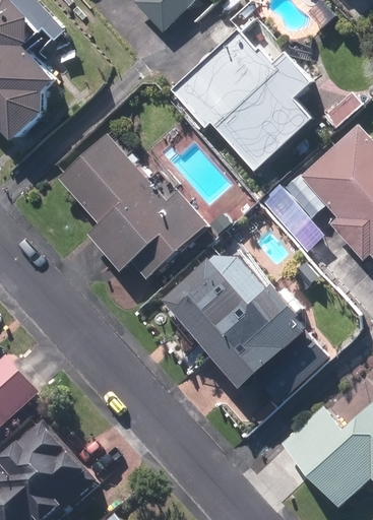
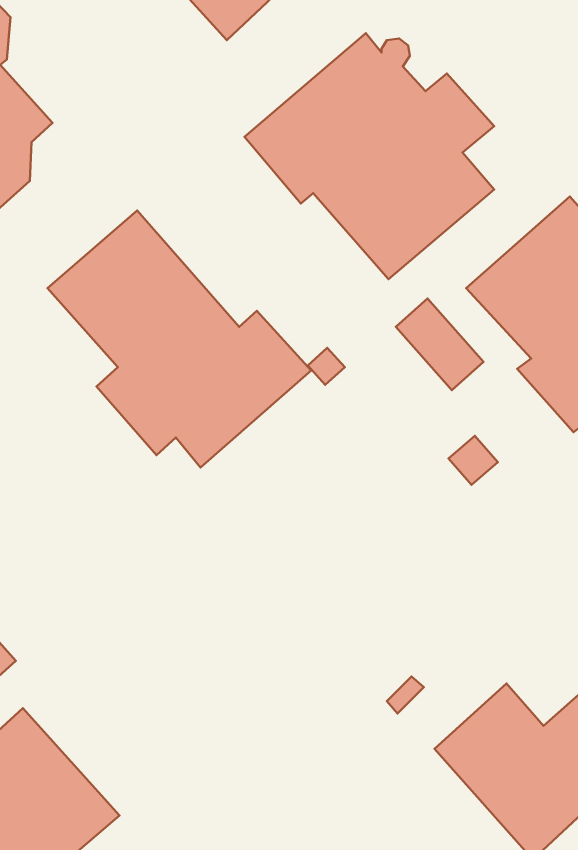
building: [158,244,328,402] -> none

